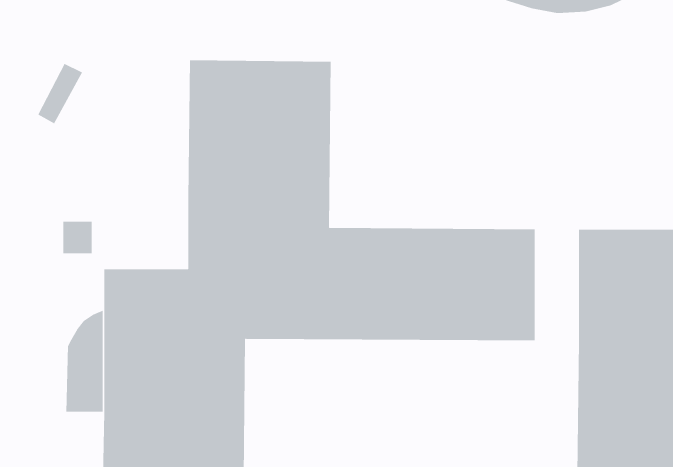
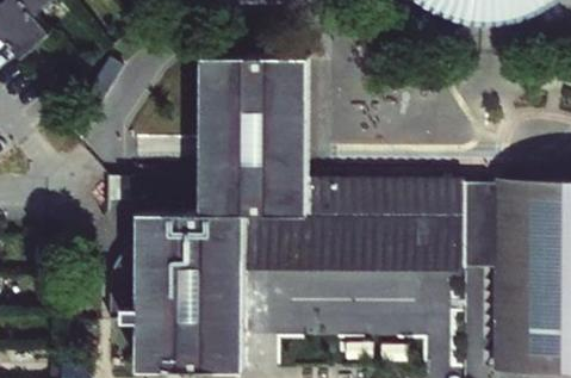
building: none -> [463,184,495,268]

